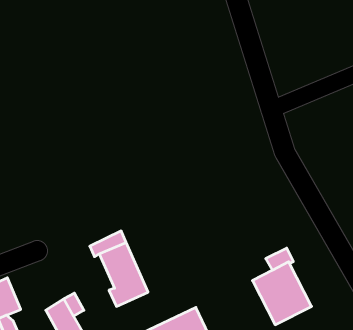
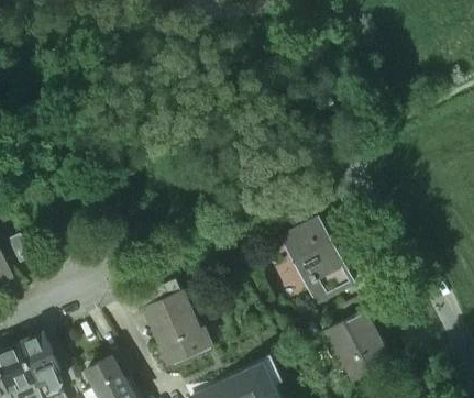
building: none -> [279,221,354,307]

